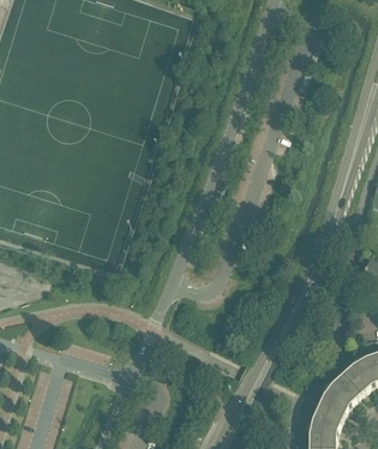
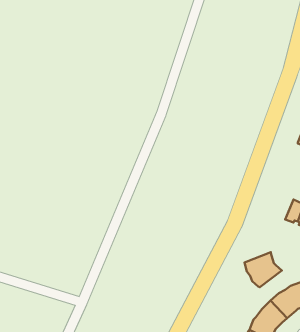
building: none -> [245,252,282,287]

